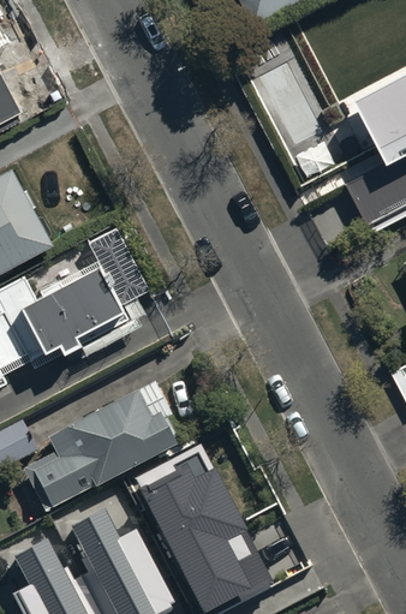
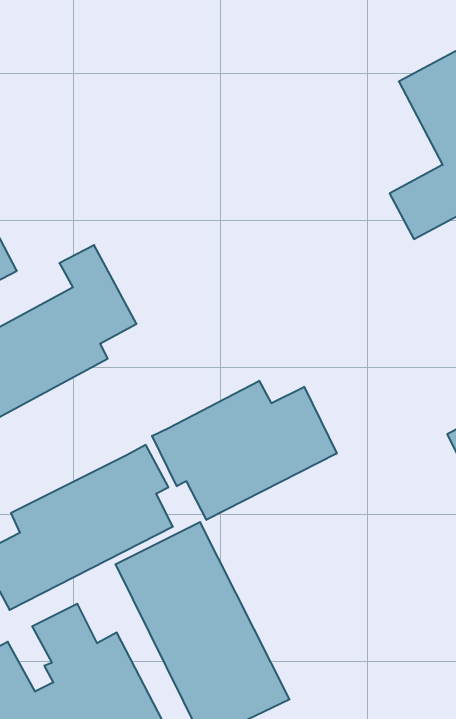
building: none -> [152,381,337,520]

